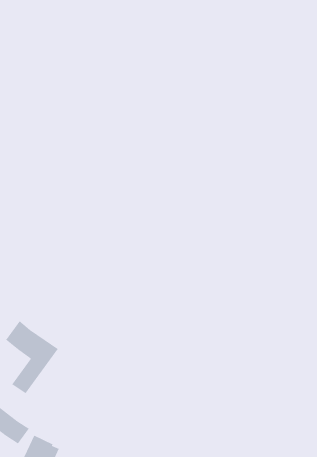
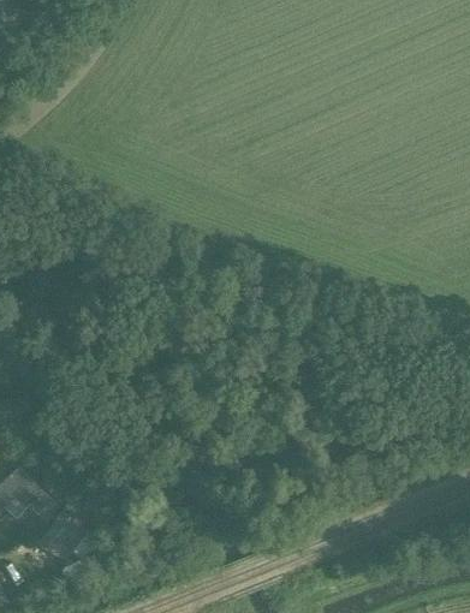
building: [5,320,59,394] -> none

